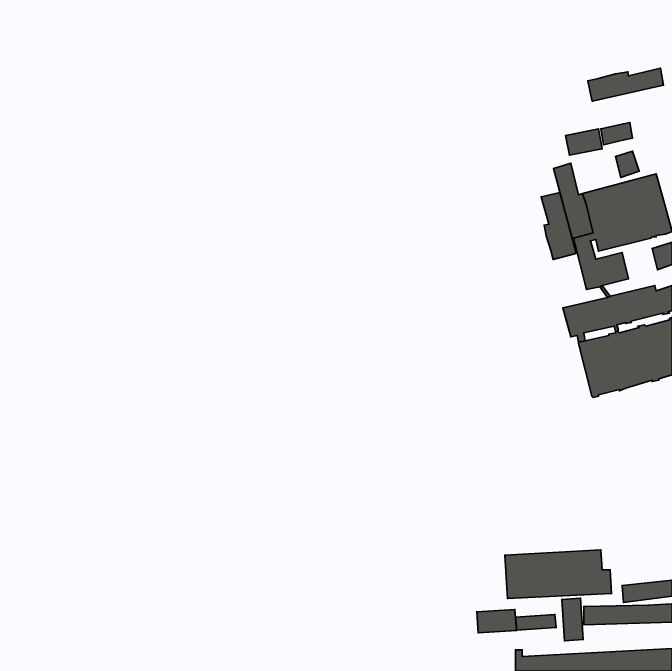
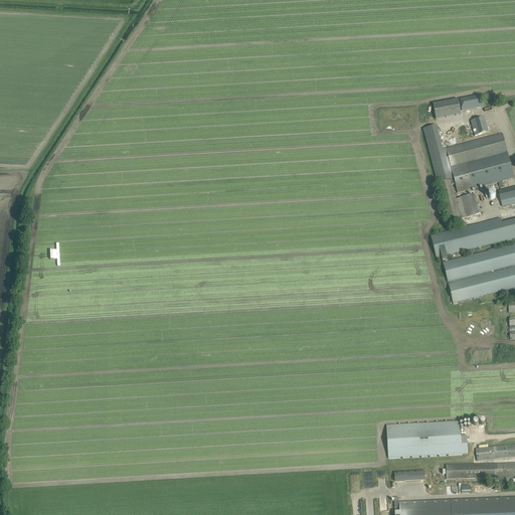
building: [588,68,663,101] -> none
building: [541,192,576,259] -> none
building: [562,598,583,641] -> none
building: [477,609,516,633] -> none

